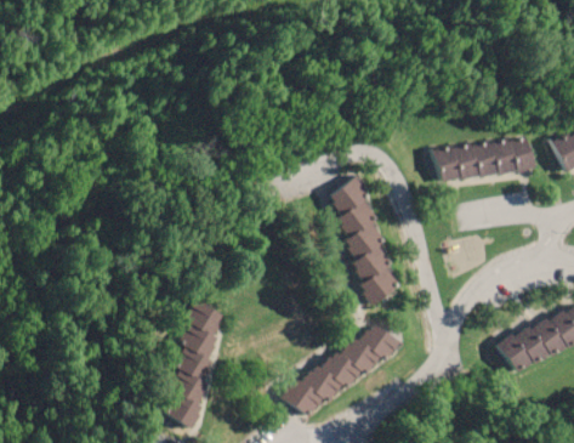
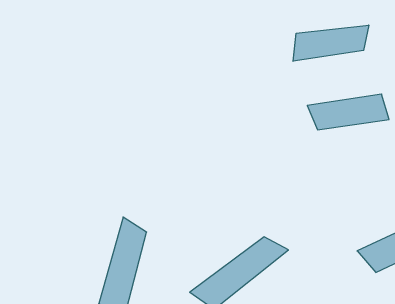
building: none -> [293,25,369,61]
building: [330,176,398,307] -> none

